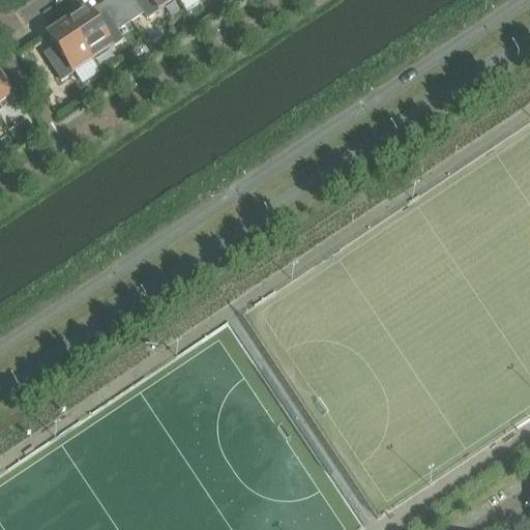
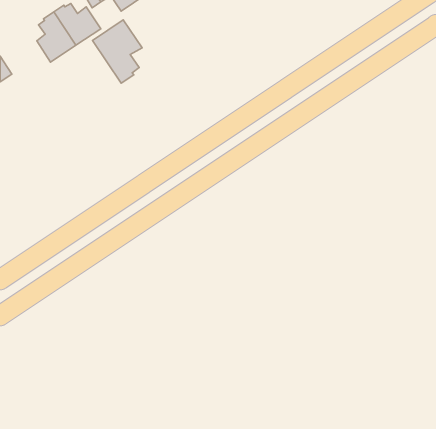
building: none -> [93,20,142,83]

